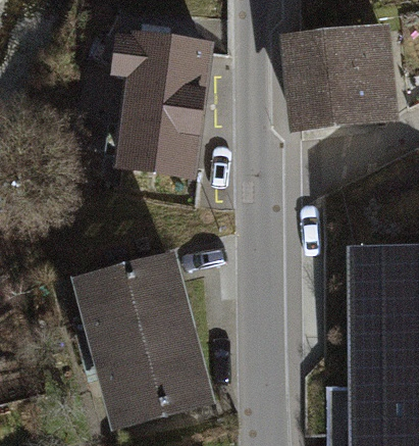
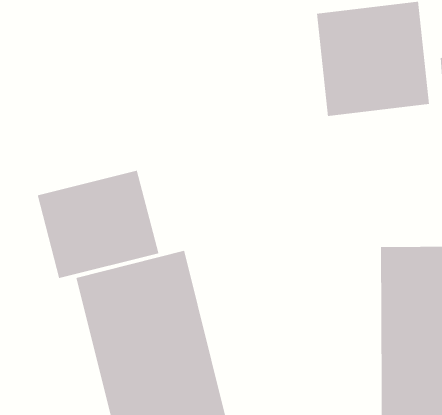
building: [112,31,212,175] -> none
building: none -> [37,170,159,279]

